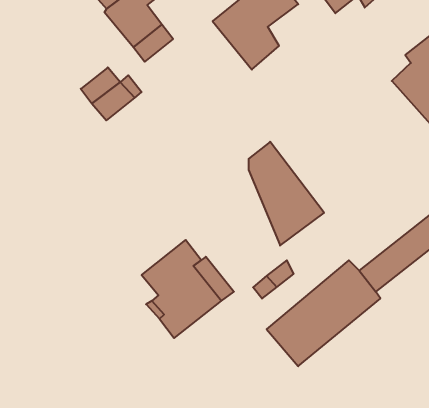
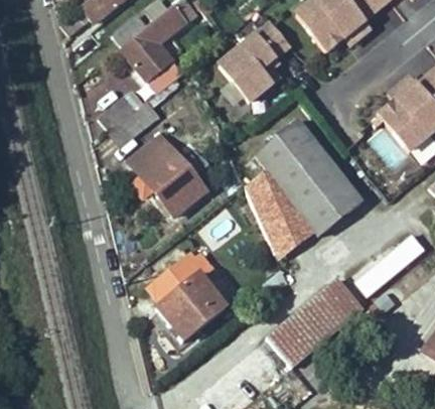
building: none -> [256,117,364,235]
building: none -> [128,130,210,219]

